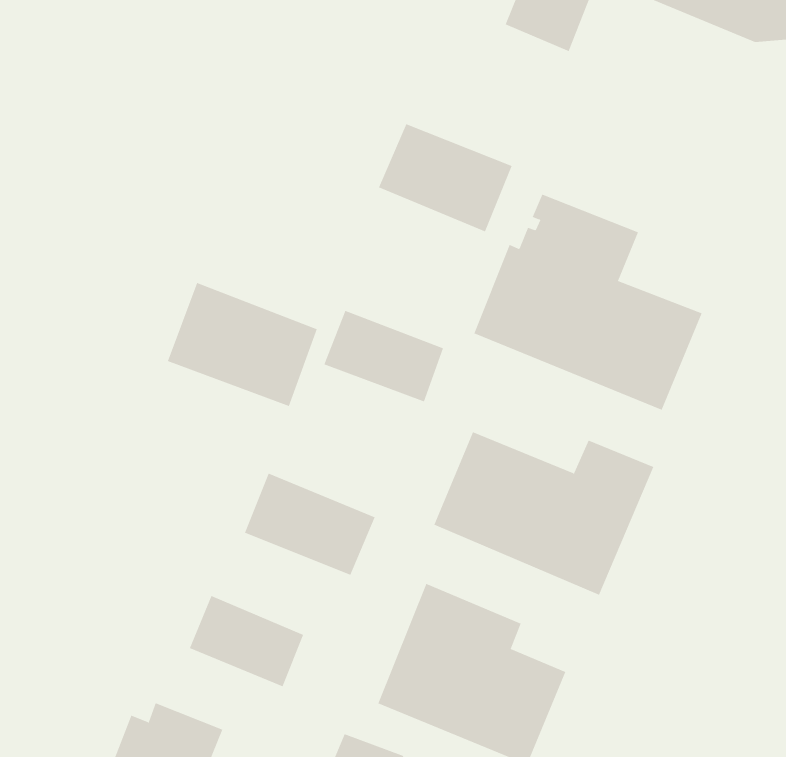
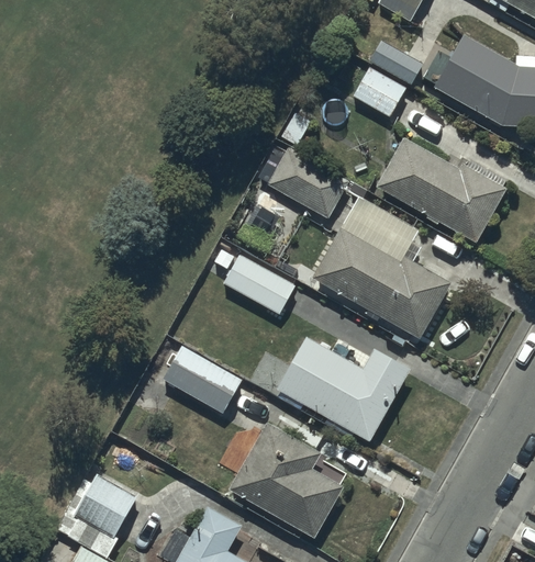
building: none -> [375,137,508,244]
building: [167,282,317,407] -> none
building: [189,595,304,687] -> none

